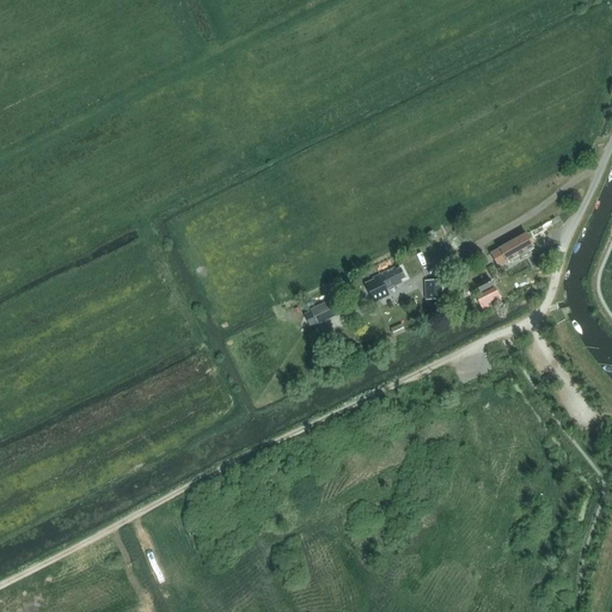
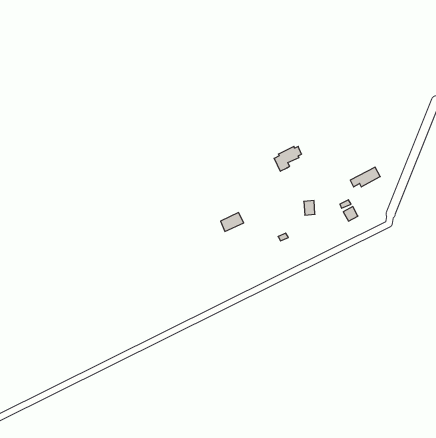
building: [363,268,402,302] -> [274,146,302,171]

